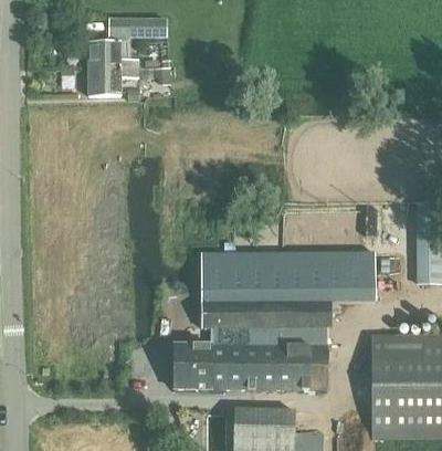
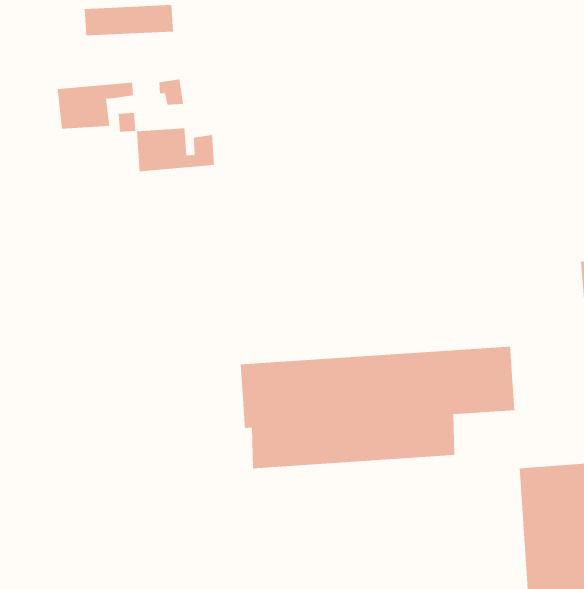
building: [87,42,137,69] -> [136,128,215,172]
building: [173,324,327,388] -> none

